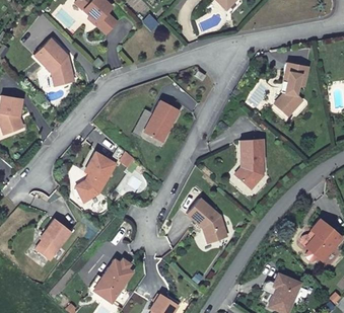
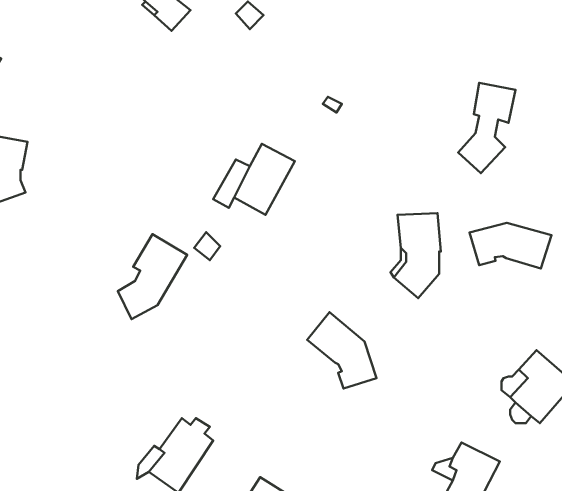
building: [36,38,76,85] -> none
building: none -> [469,223,551,269]
building: [36,219,72,259] -> none

